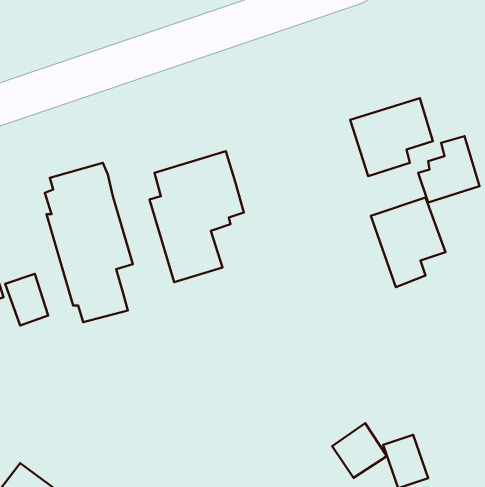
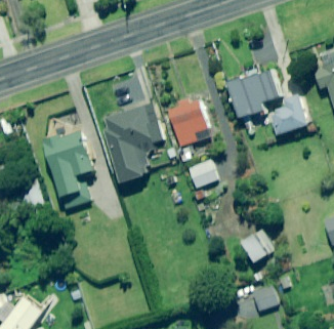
building: [371,197,446,287] -> [166,93,212,149]
building: none -> [189,160,218,188]
building: [332,423,387,478] -> [241,229,275,262]

